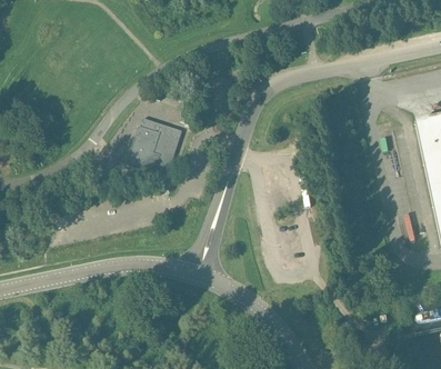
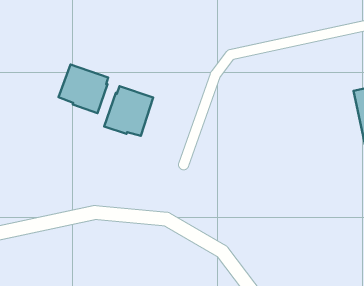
building: none -> [58,64,108,113]

